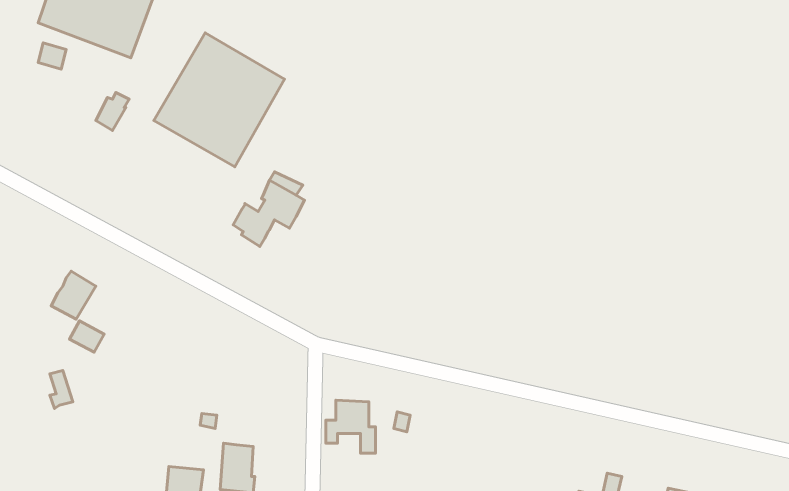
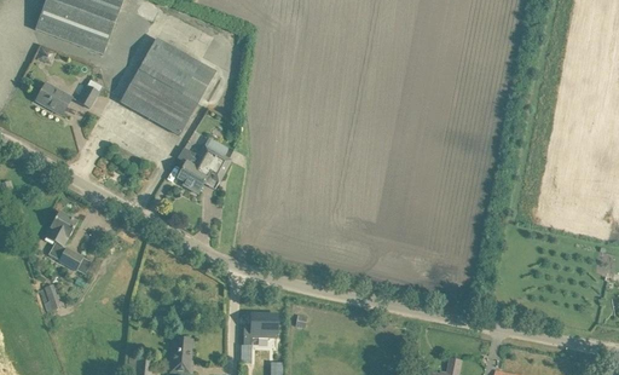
building: none -> [35,82,70,115]

